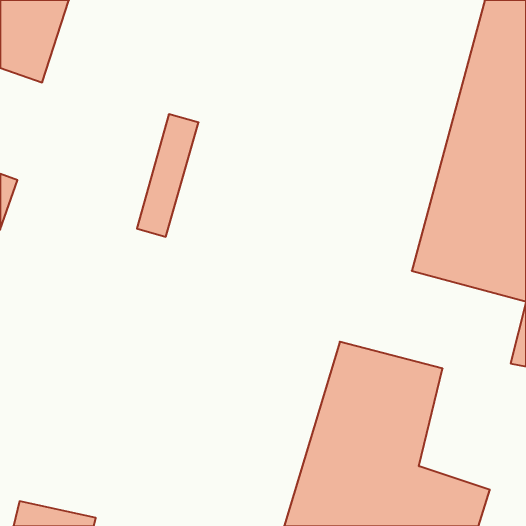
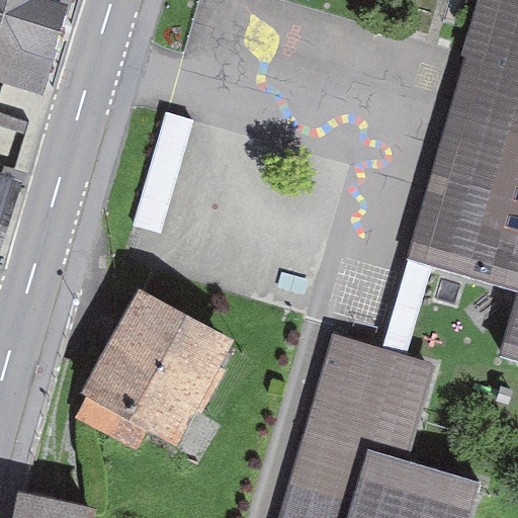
building: none -> [75,289,236,450]

